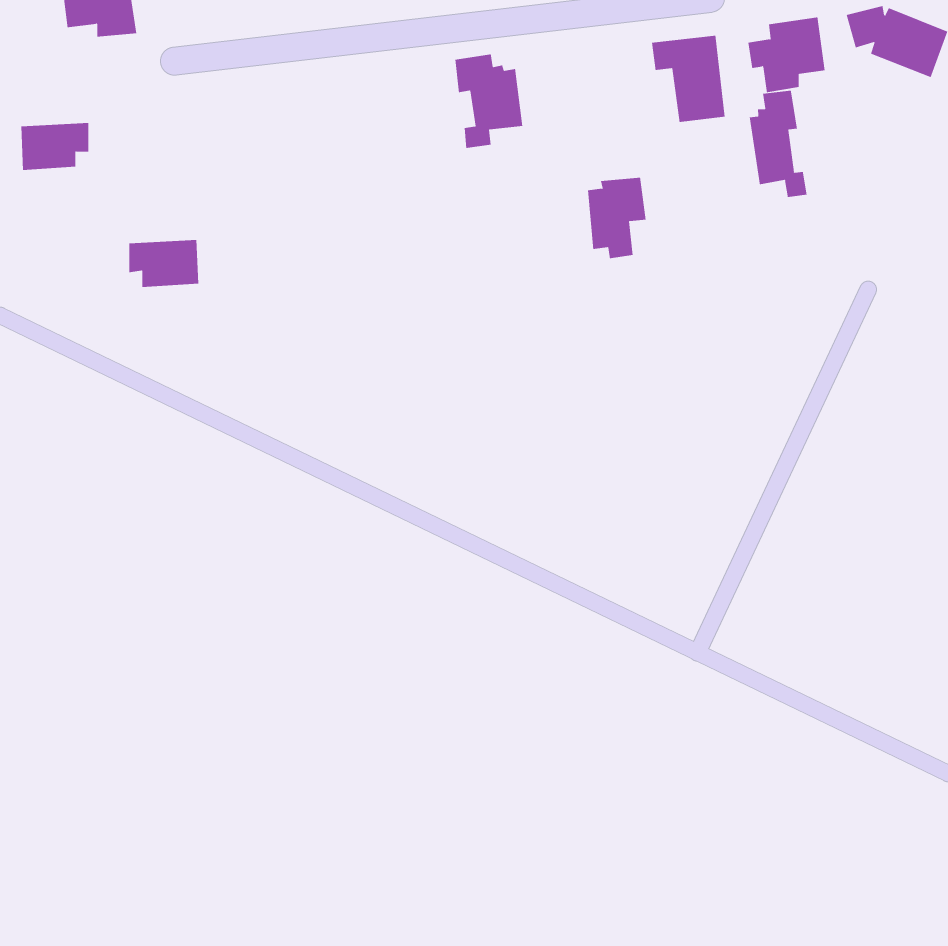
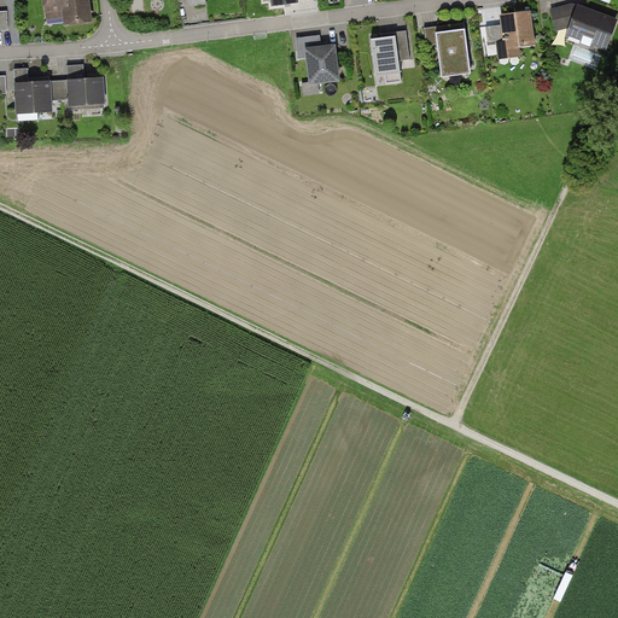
building: [749,90,807,198] -> none
building: [587,177,646,259] -> [372,31,410,84]
building: [129,239,199,288] -> [58,77,104,109]

